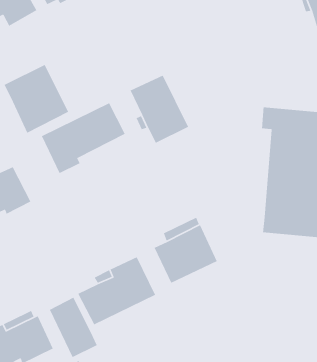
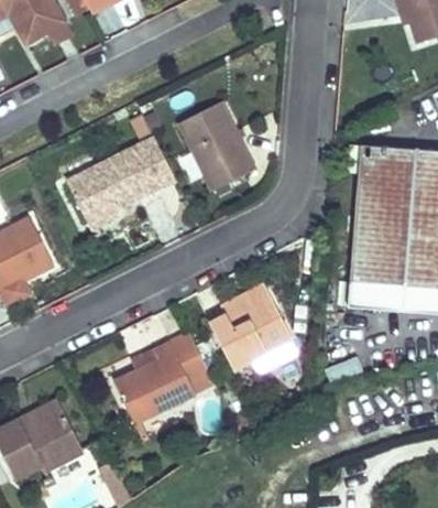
building: [3,64,69,134] -> none
building: [49,297,98,358] -> none

